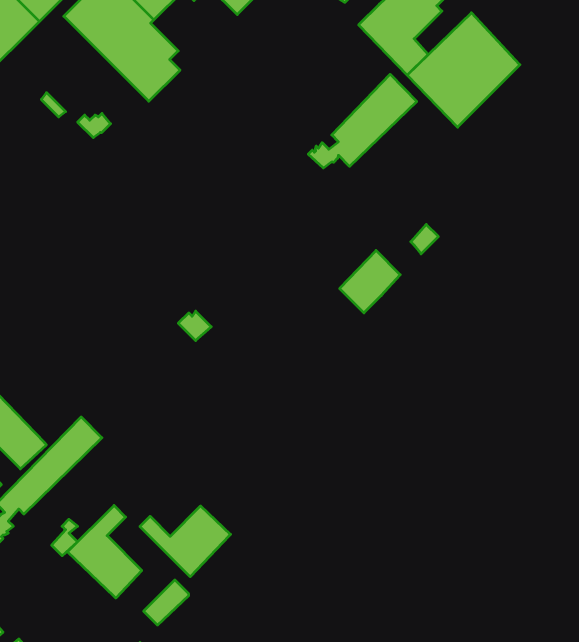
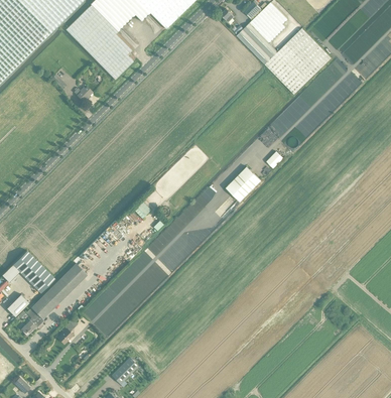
building: [308,74,417,168] -> none
building: [68,505,142,598] -> none
building: [140,506,231,577] -> none

